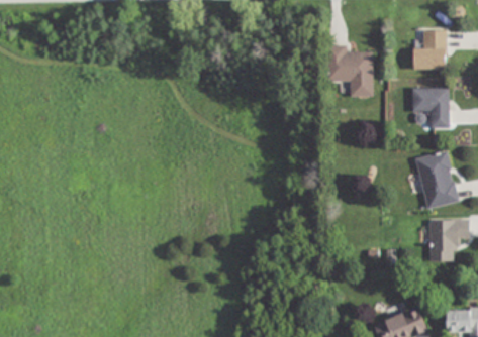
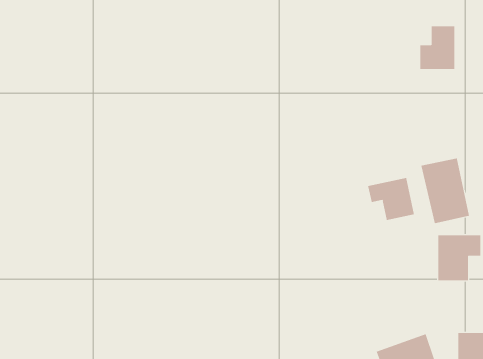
building: [328,44,373,96] -> none
building: [411,87,449,128] -> none
building: none -> [368,177,414,221]

